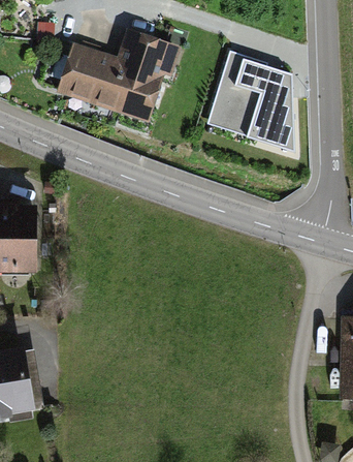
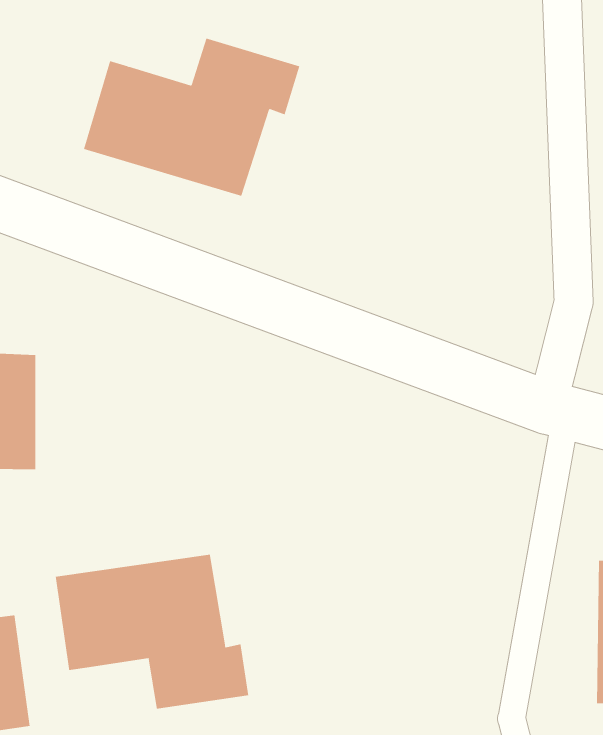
building: [208,56,292,148] -> none
building: none -> [55,554,249,709]

